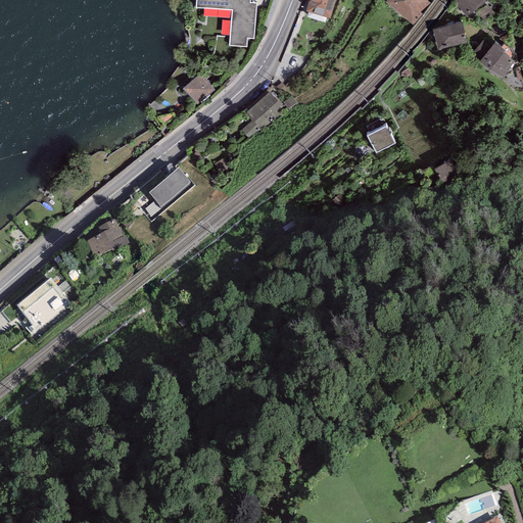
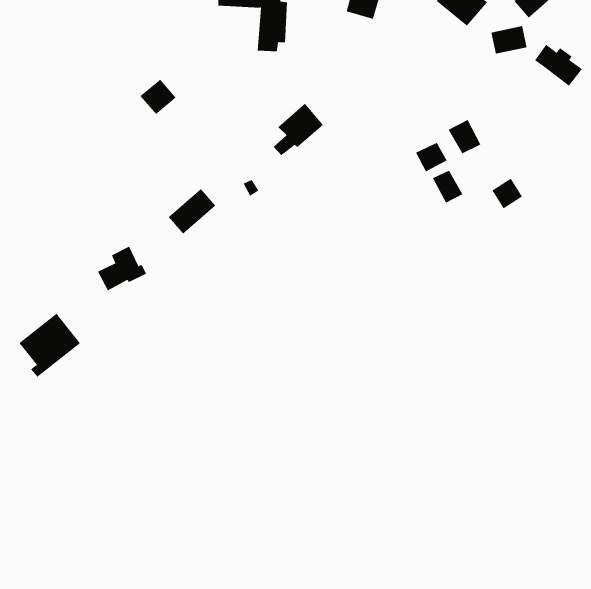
building: [183,73,216,104] -> [140,79,177,115]
building: none -> [448,119,481,154]
building: none -> [432,170,463,204]

